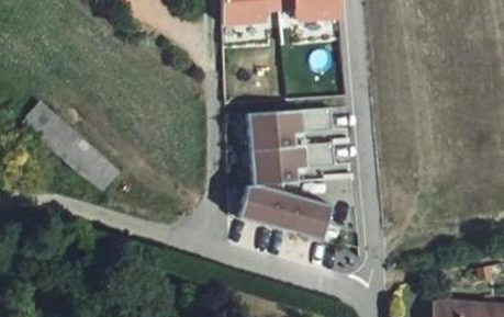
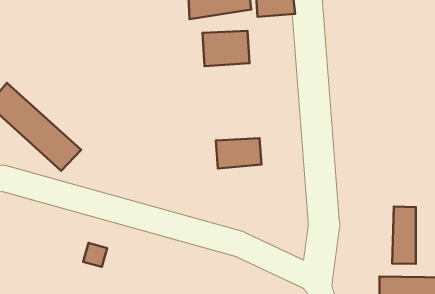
building: [254,114,303,151] -> [203,31,250,66]
building: [247,192,340,237] -> none
building: none -> [392,207,416,264]

